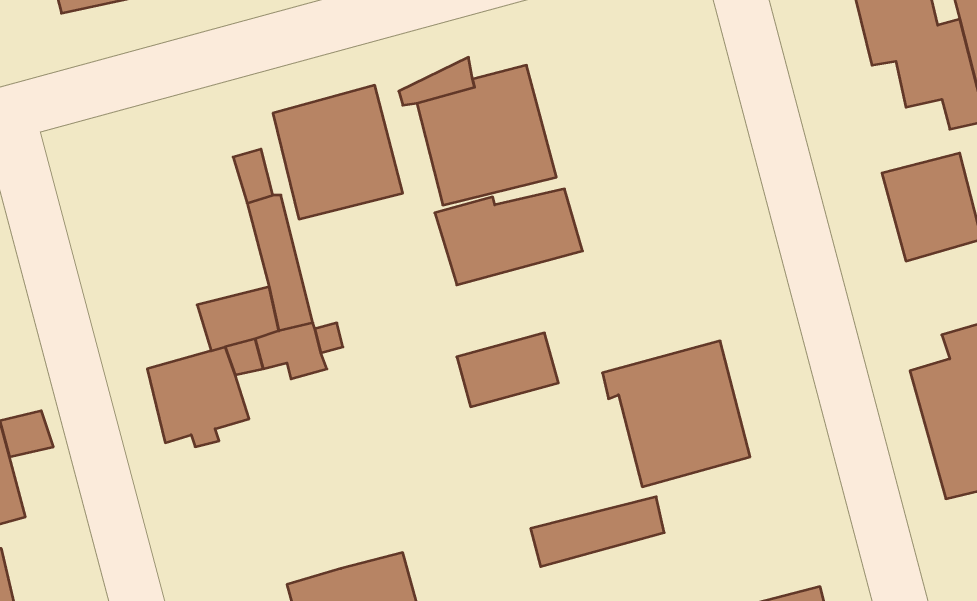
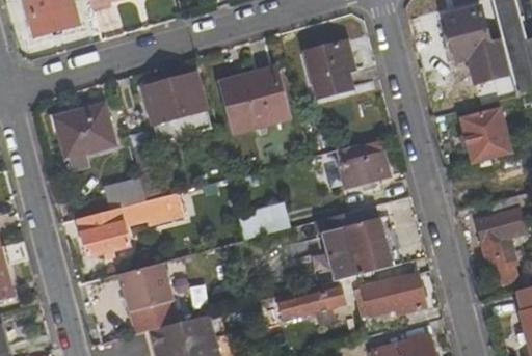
building: none -> [305,43,352,98]
building: none -> [52,102,115,159]
building: [435,189,583,285] -> [313,142,390,192]
building: none -> [118,262,178,334]
building: none -> [352,271,423,314]

